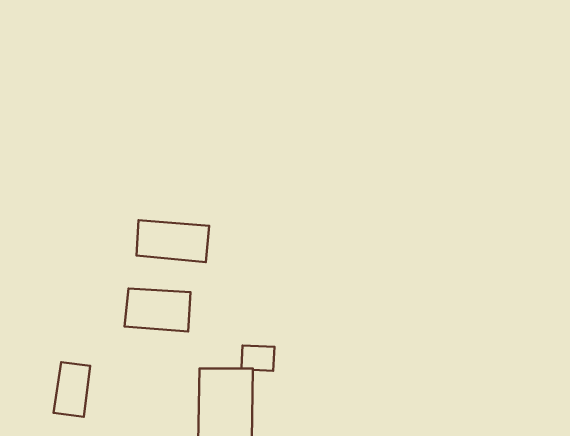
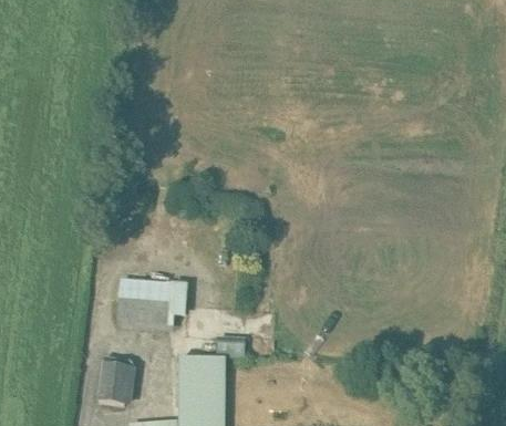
building: [136,220,209,262] -> none
building: [54,362,90,417] -> [97,357,130,405]

